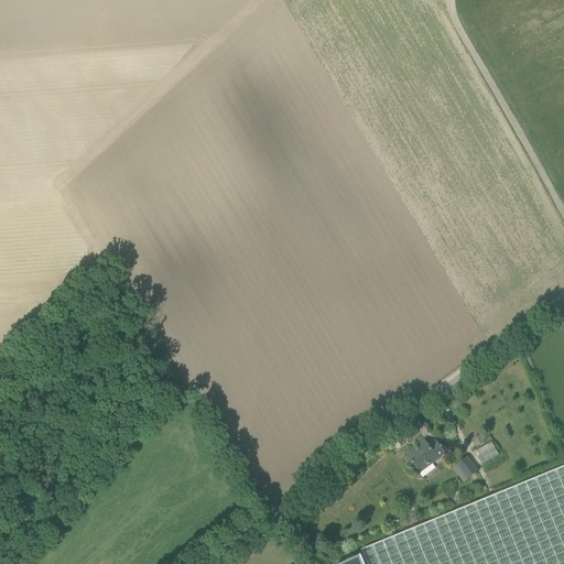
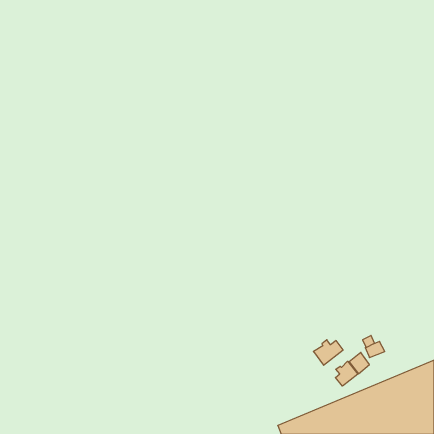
building: none -> [335,361,358,386]

